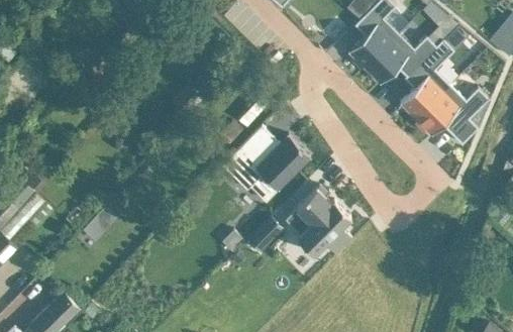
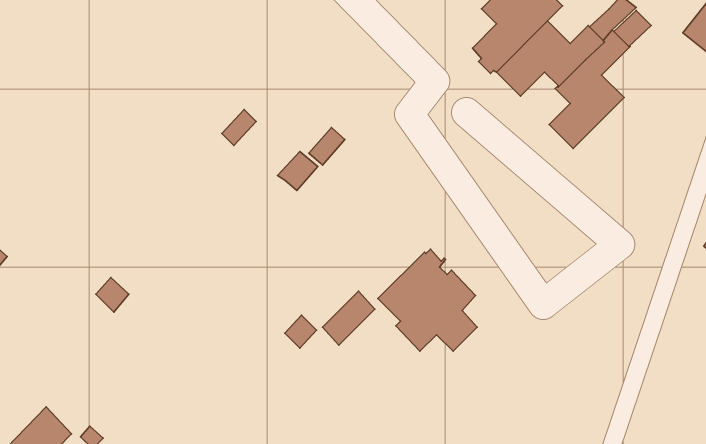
building: [415,83,490,142] -> none
building: [222,124,310,200] -> none

